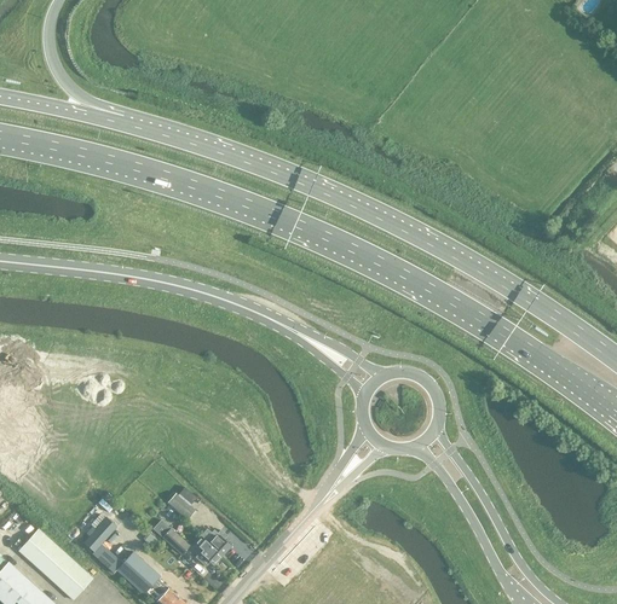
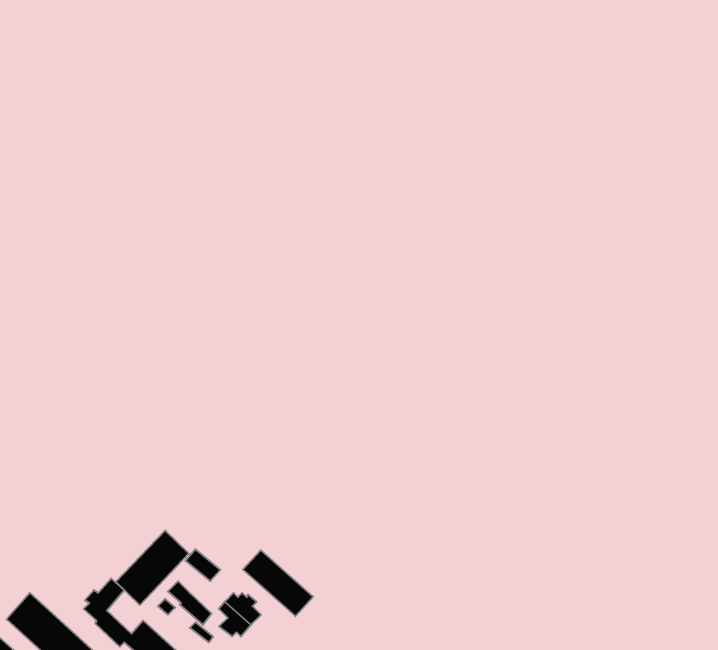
building: none -> [116,530,189,605]
building: none -> [243,550,313,616]

